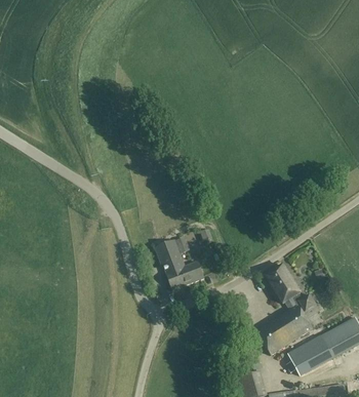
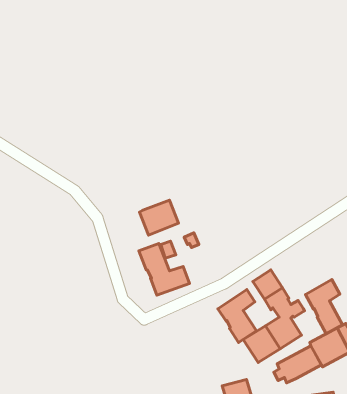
building: none -> [139,200,179,235]
building: none -> [306,279,342,334]
building: none -> [218,289,256,343]

